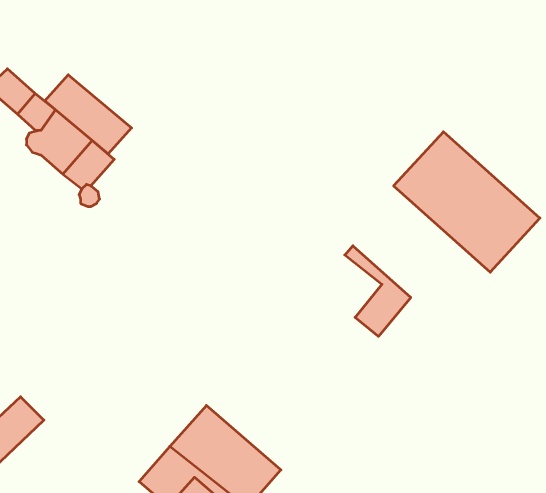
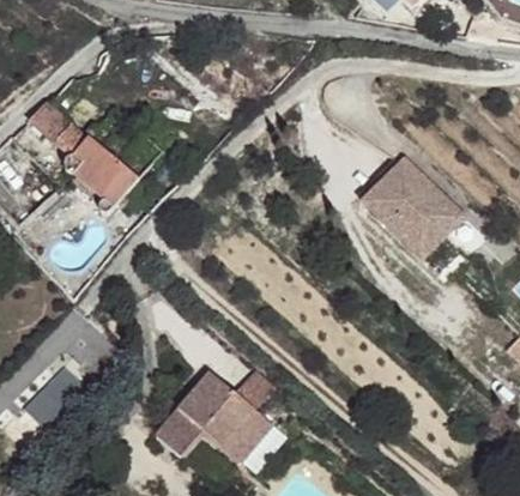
building: [45,75,132,154] -> none
building: [345,246,411,336] -> none

